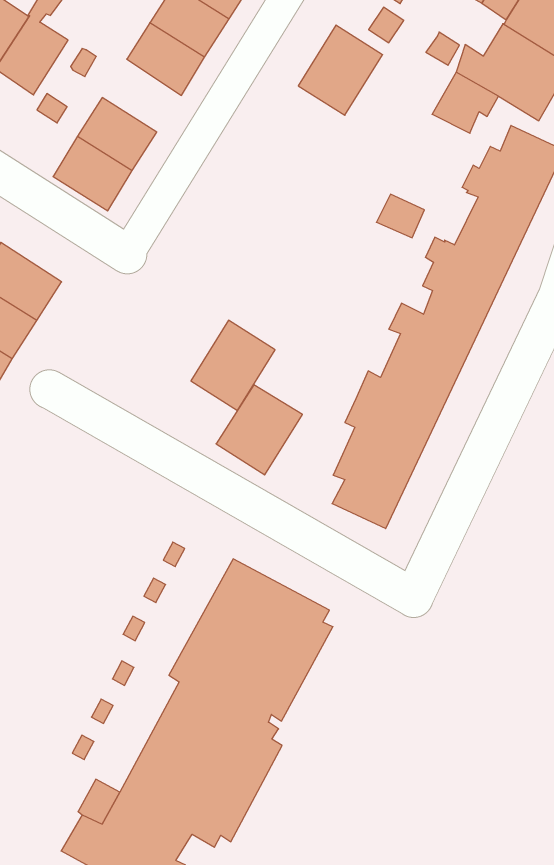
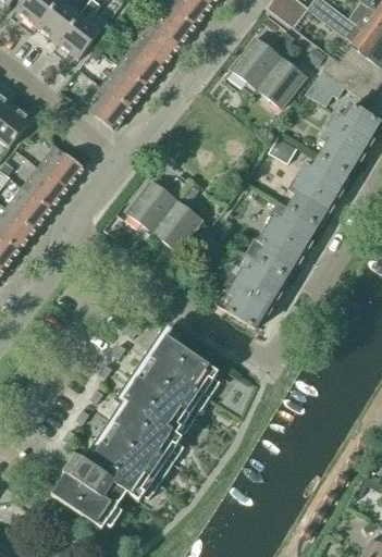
building: none -> [255,55,306,108]
building: none -> [116,44,162,87]
building: [216,385,302,475] -> [125,180,176,232]

